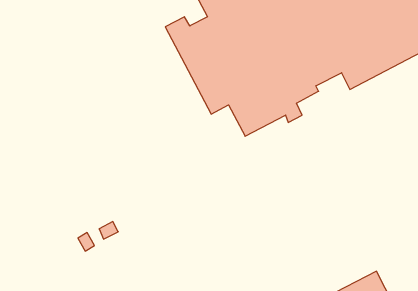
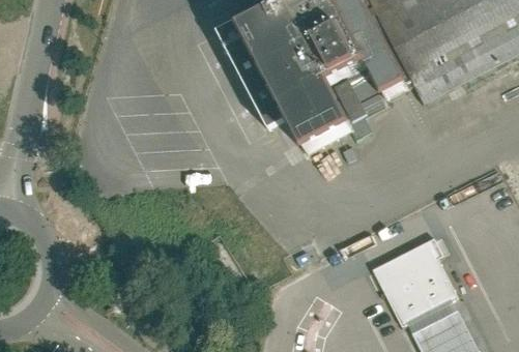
building: none -> [373,236,459,325]

